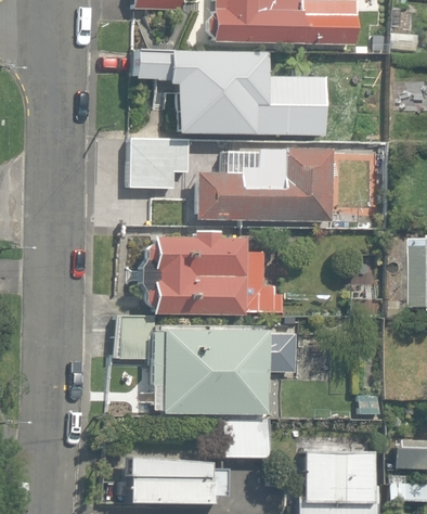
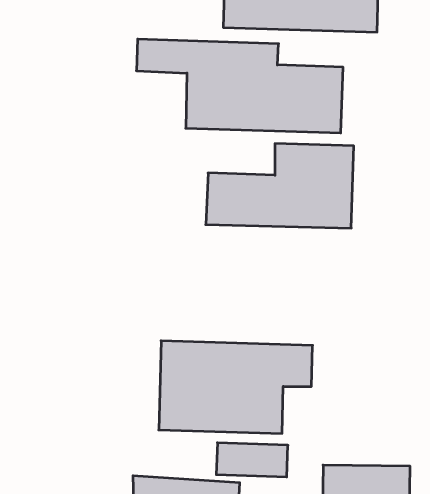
building: [125,137,192,190] -> none
building: [144,233,287,317] -> none

